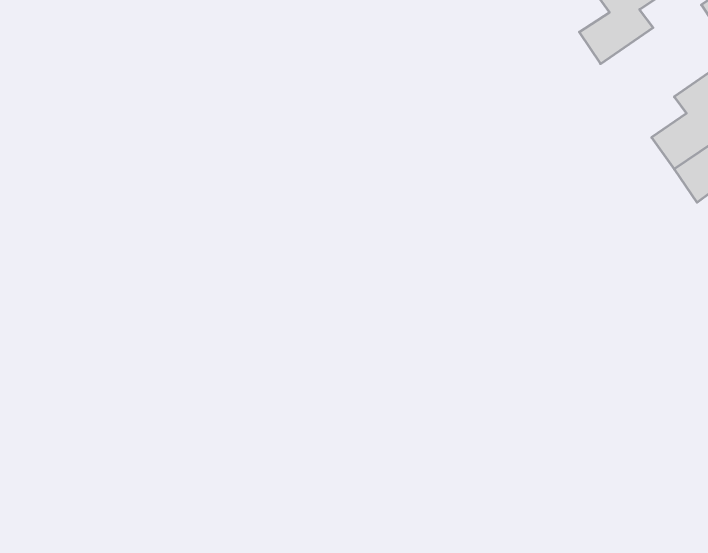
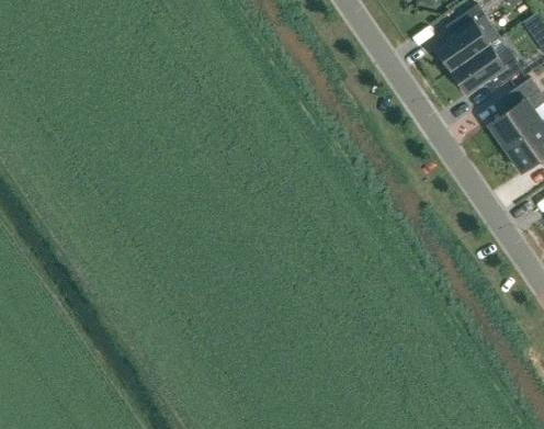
building: none -> [452,45,523,93]

